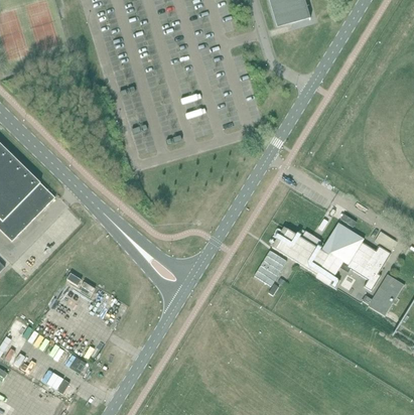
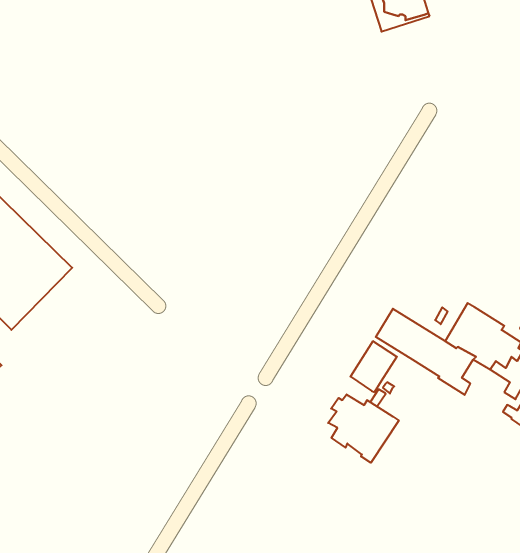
building: none -> [328,394,399,463]

